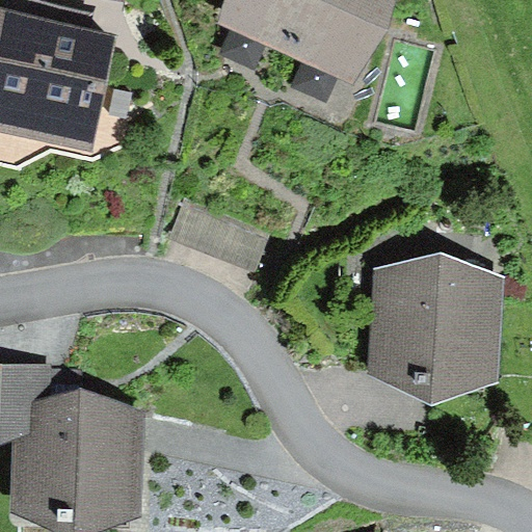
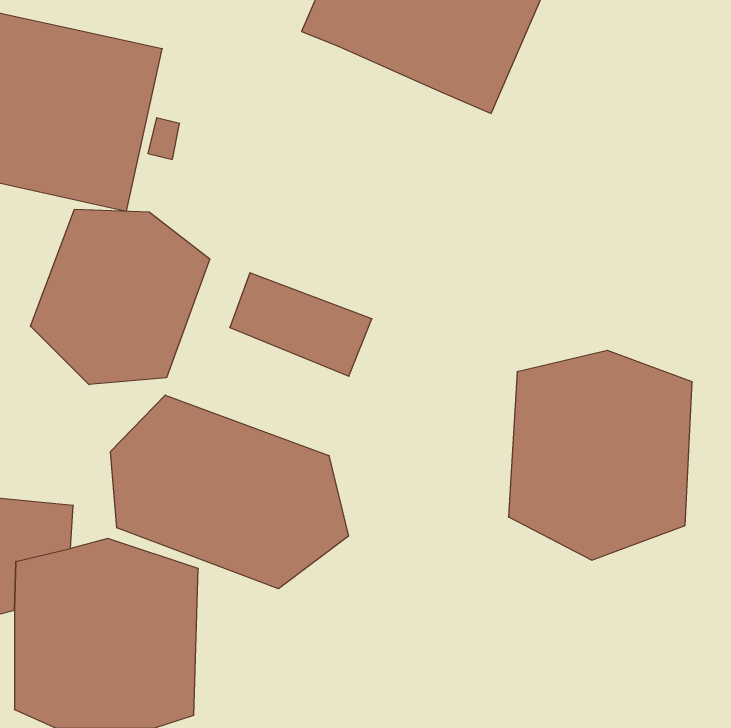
building: none -> [30,209,210,385]
building: none -> [111,395,348,589]

